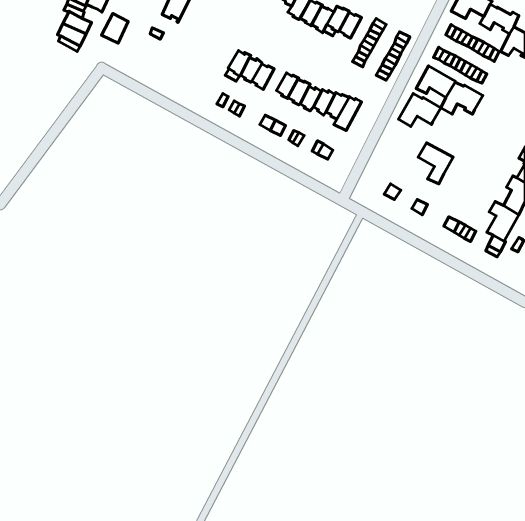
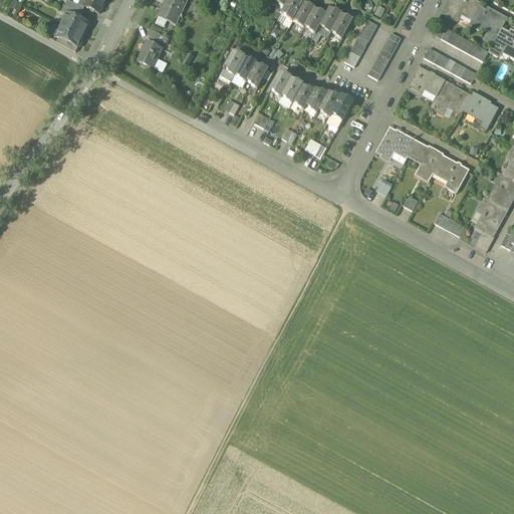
building: [102,13,128,43] -> [136,38,162,67]
building: none -> [464,90,499,128]
building: [399,94,441,126] -> [375,125,417,158]
building: none -> [434,154,469,192]

